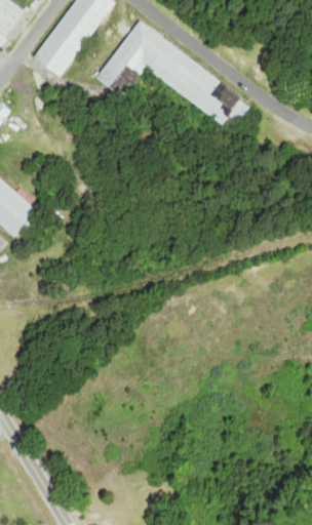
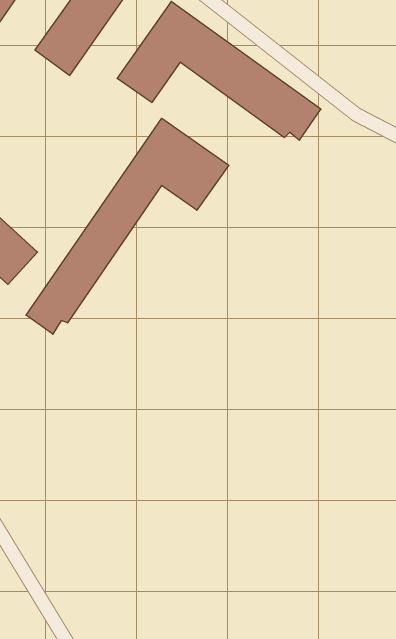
building: none -> [26,118,229,334]

